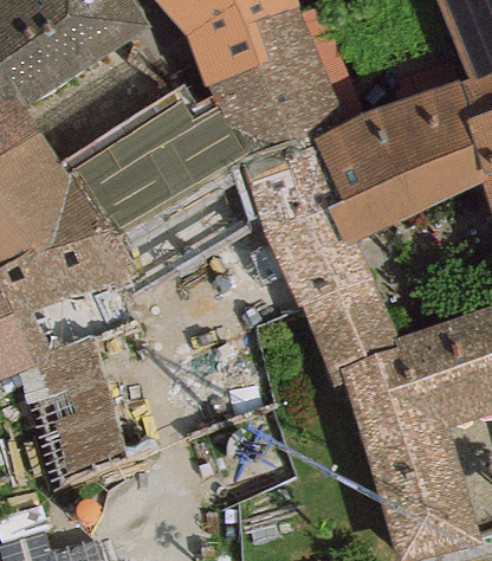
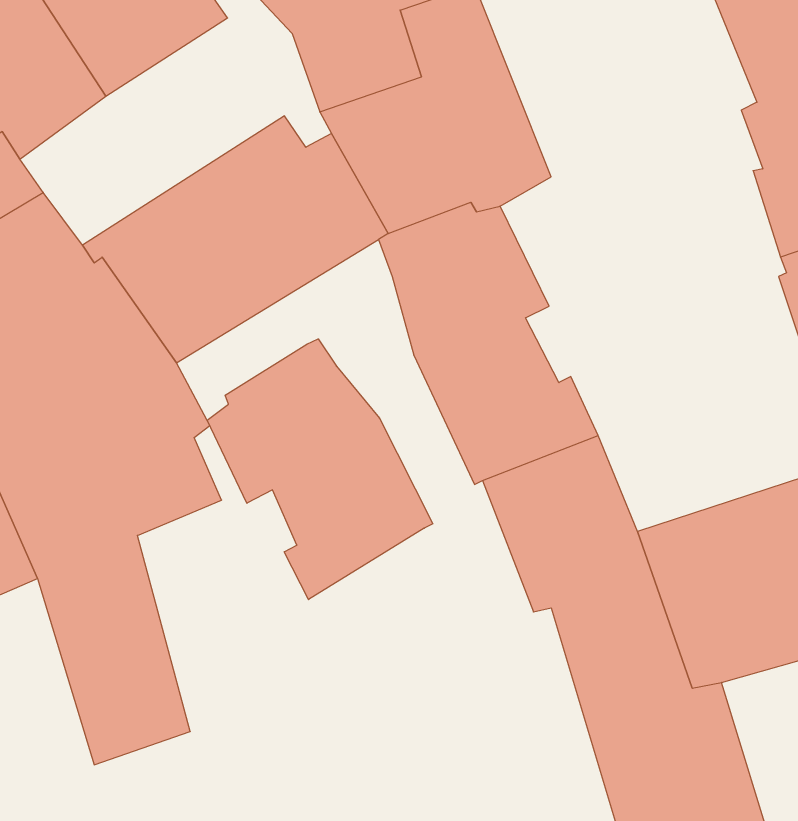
building: [311,79,484,244] -> none
building: none -> [207,339,433,600]

